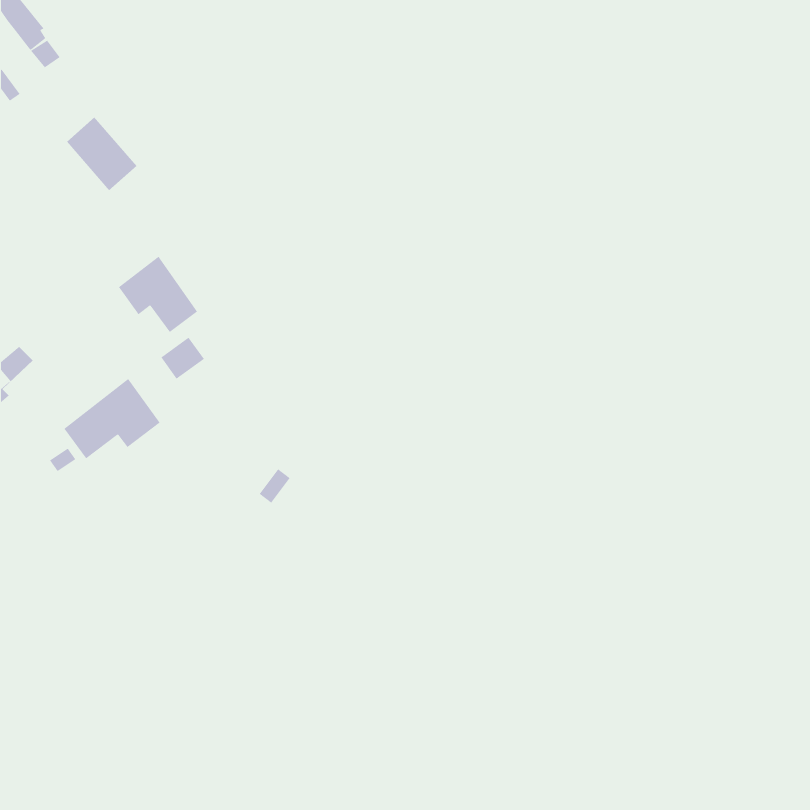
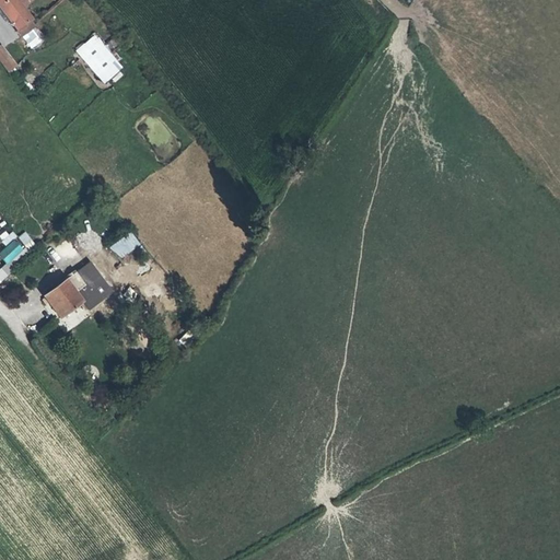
building: [66,117,138,191] -> [75,32,125,83]
building: [118,256,198,333] -> none

